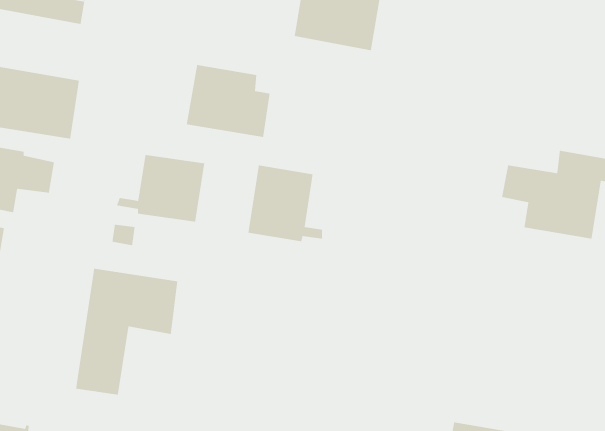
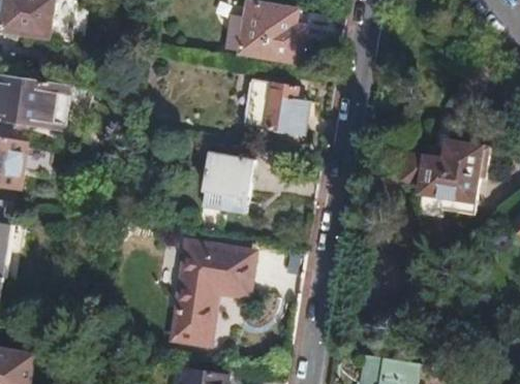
building: [186,64,270,138] -> [241,77,307,135]
building: [116,154,205,222] -> none
building: [75,268,178,396] -> [174,241,254,341]

